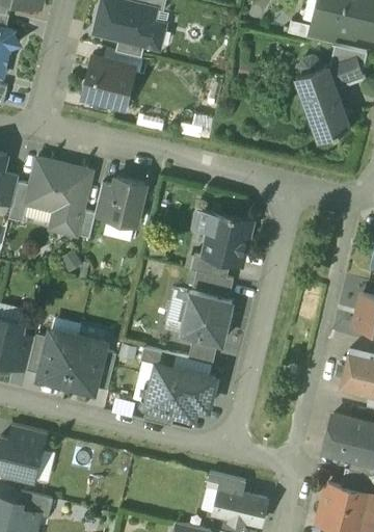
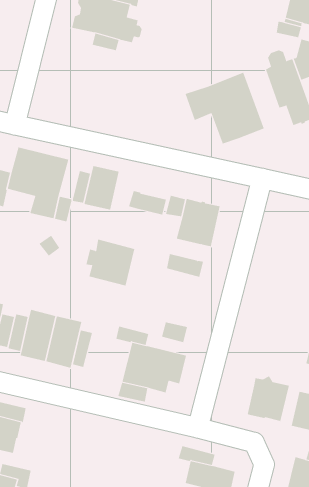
building: [80,59,132,105] -> none
building: none -> [185,72,264,145]
building: [190,252,231,278] -> [128,191,167,215]
building: [179,293,231,343] -> [86,239,135,286]
building: none -> [247,376,290,423]

